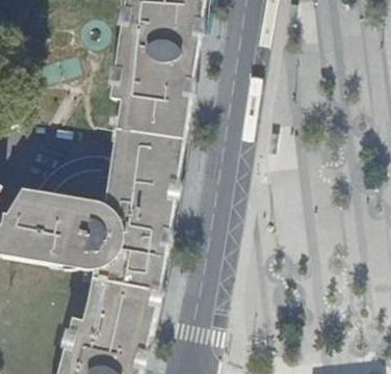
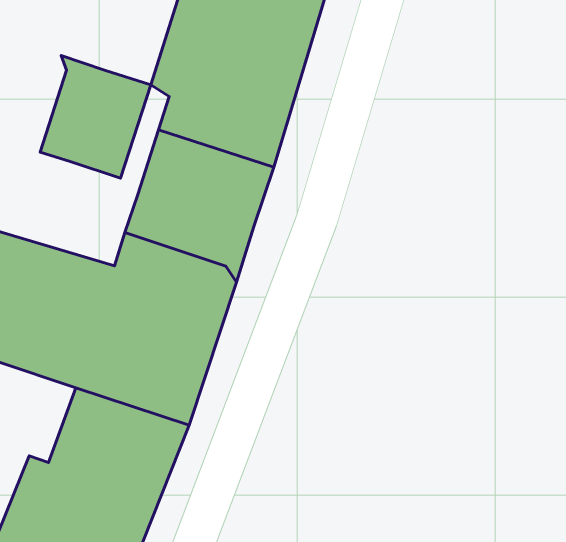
building: none -> [40,56,151,178]

